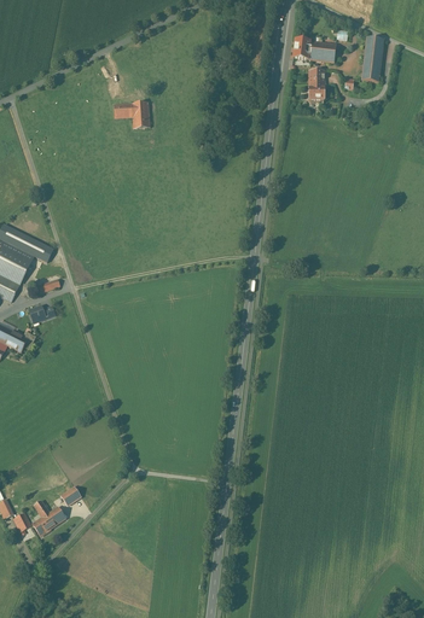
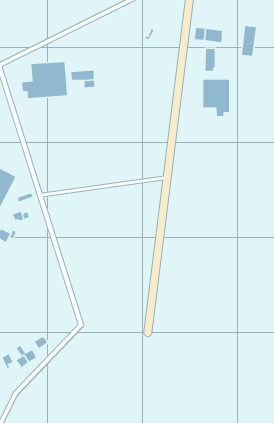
building: none -> [21,62,68,99]
building: none -> [202,79,230,117]

